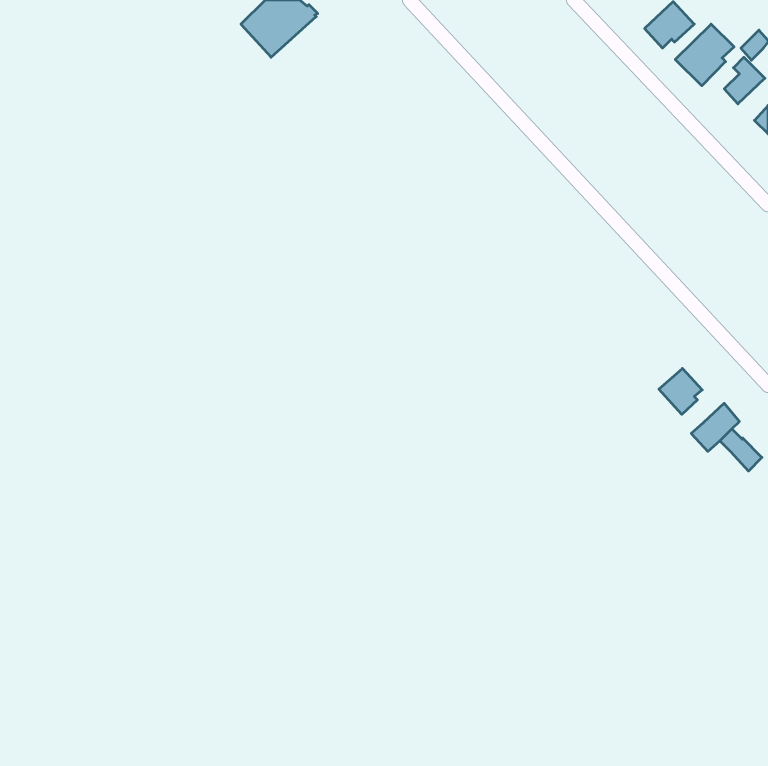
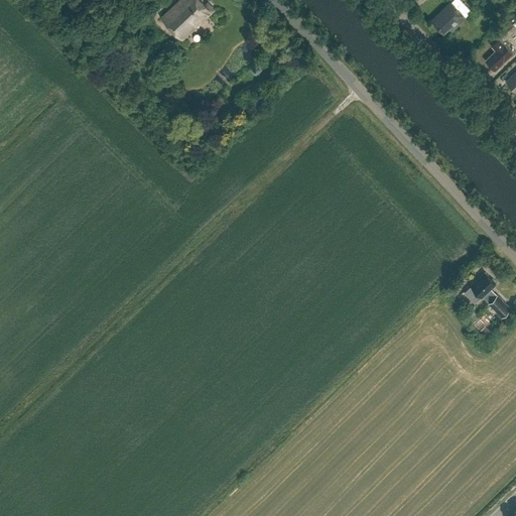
building: [675,24,734,86] -> none
building: [659,368,702,414] -> none

